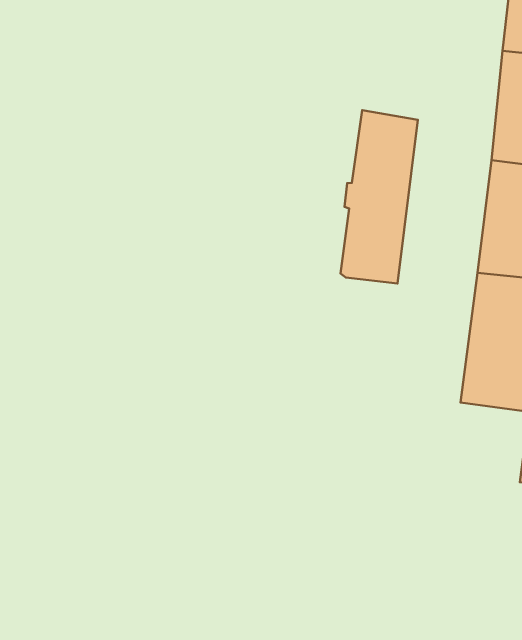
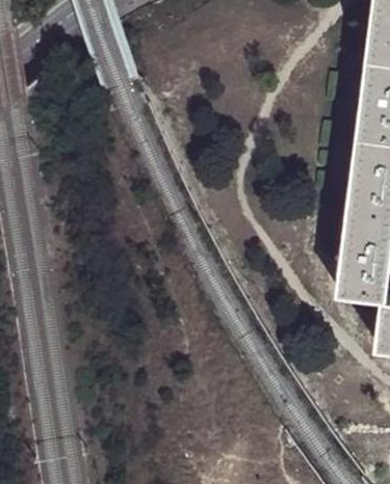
building: [341,110,418,284] -> none

